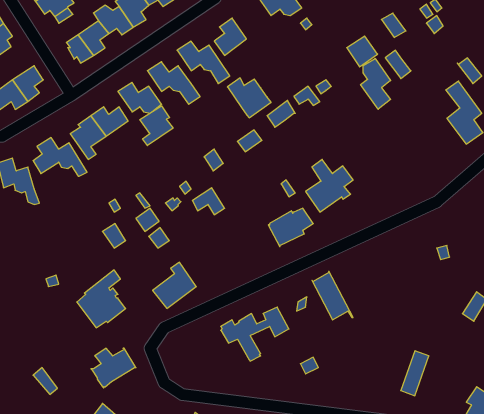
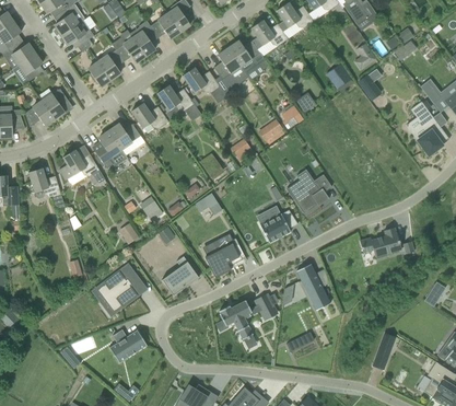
building: [361,58,391,109] -> none
building: [227,78,271,118] -> [229,40,266,74]
building: [140,106,173,146] -> none
building: none -> [359,228,401,257]
building: none -> [204,233,243,278]

